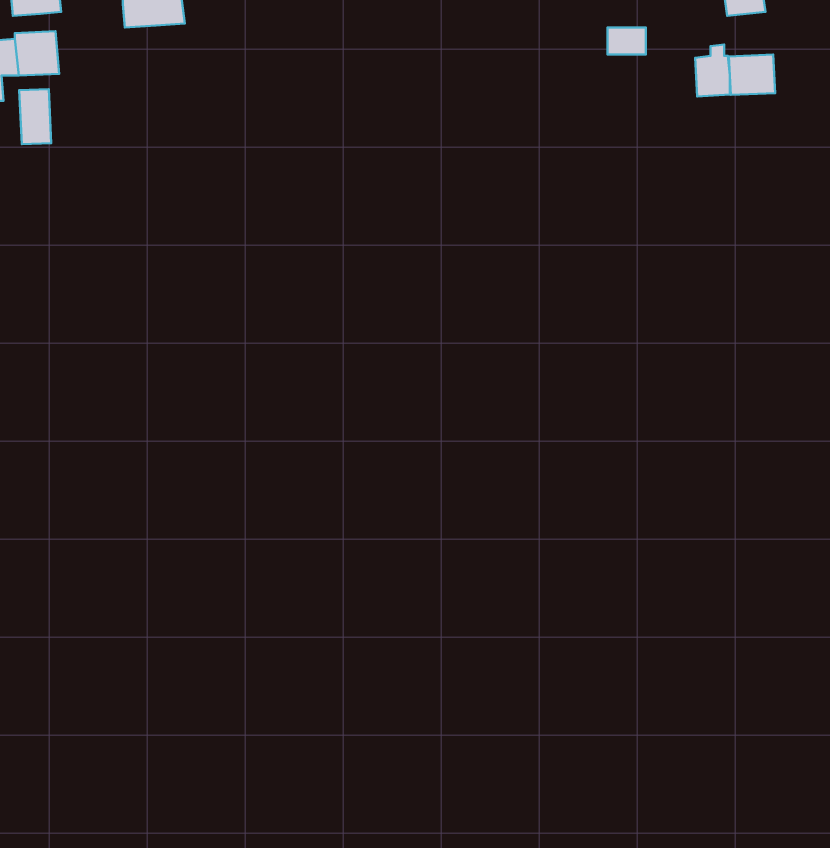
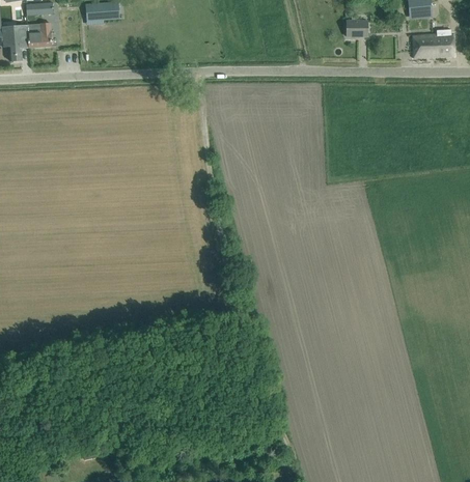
building: [695,44,730,97] -> [435,28,453,56]
building: [19,89,51,144] -> none

